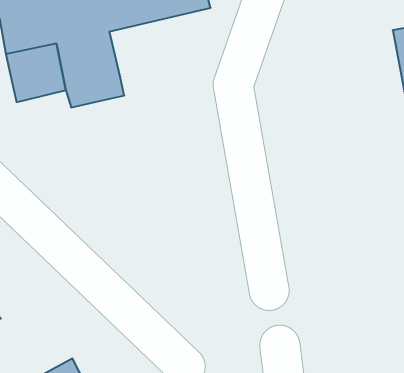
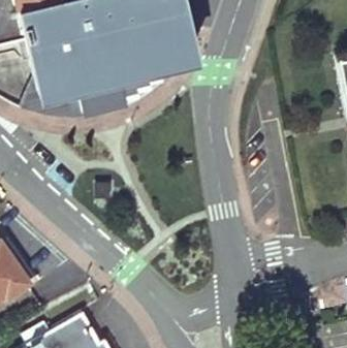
building: none -> [115,38,201,92]

